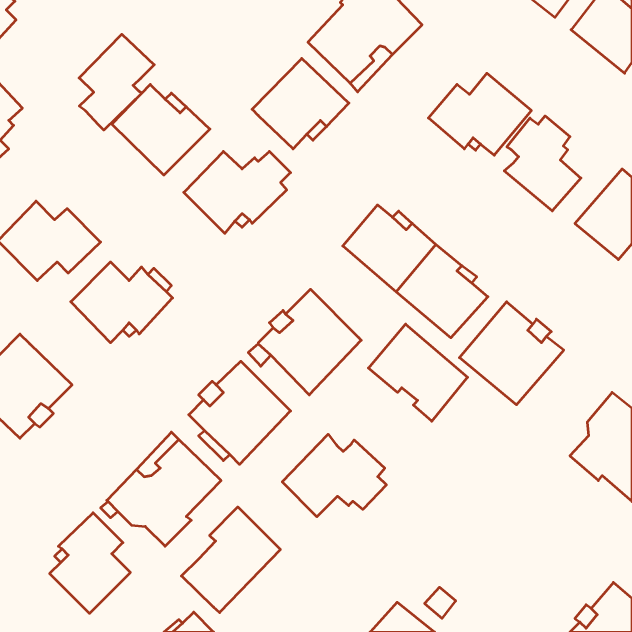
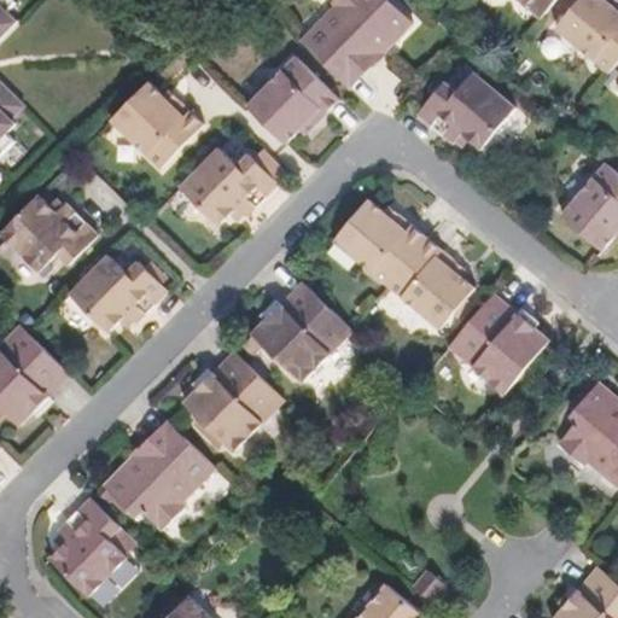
building: [79,34,154,130] -> none
building: [504,116,581,211] -> none
building: [368,324,468,421] -> none
building: [282,434,386,517] -> none
building: [181,507,280,613] -> none

